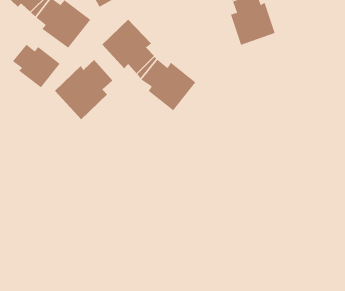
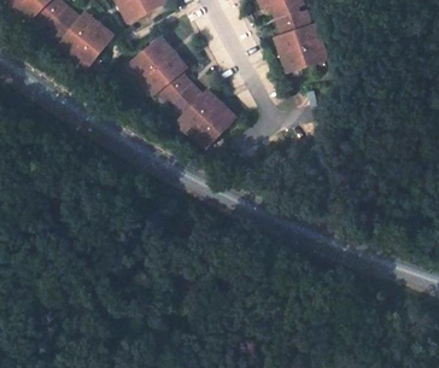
building: [12,44,61,88] -> none
building: [54,59,113,120] -> none

